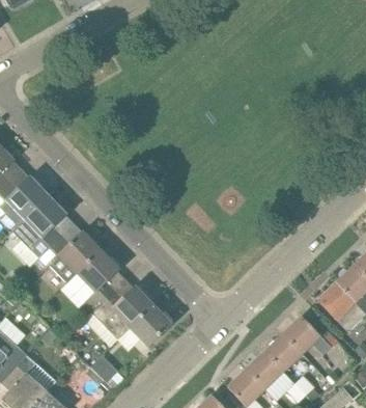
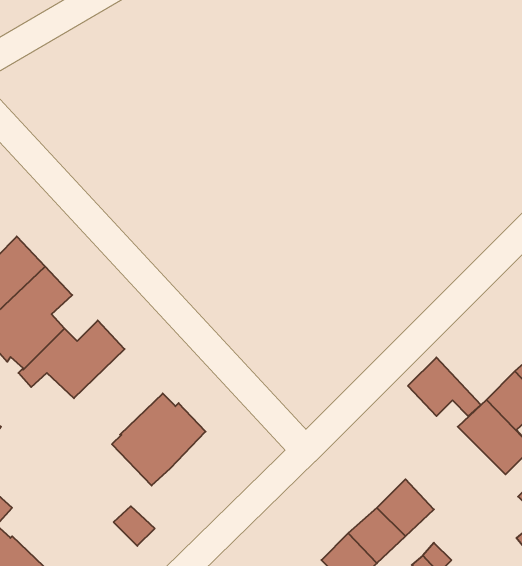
building: [61,248,124,304] -> none
building: [130,302,171,345] -> none
building: [283,315,331,353] -> [408,357,481,416]

